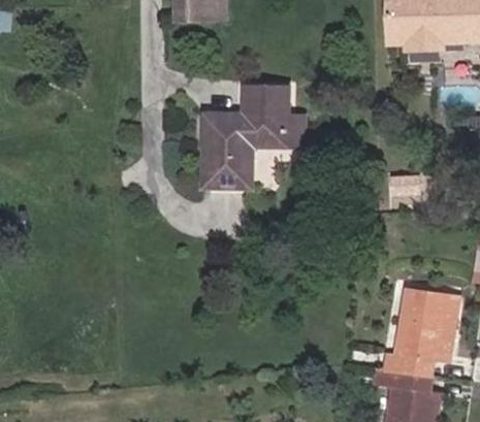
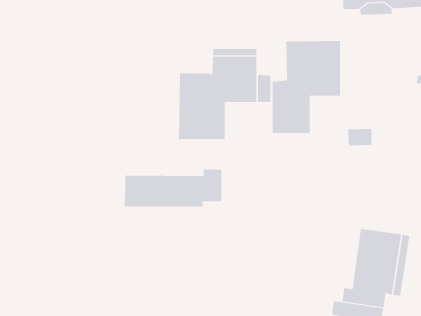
building: none -> [272,40,340,134]
building: none -> [124,169,222,207]

